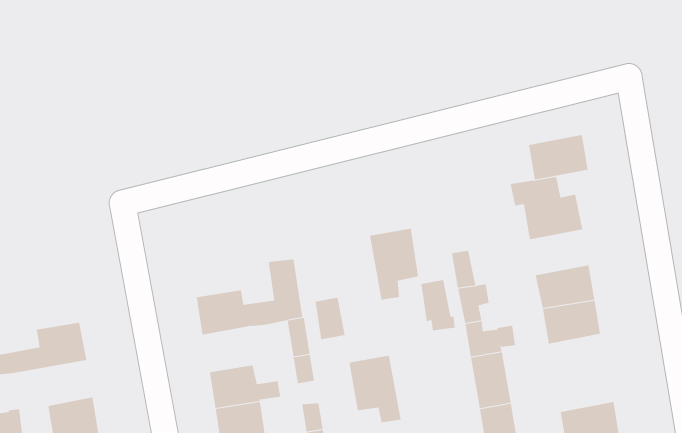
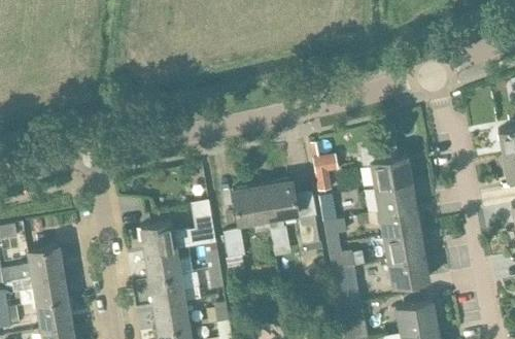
building: [528,135,588,180] -> [374,182,416,214]
building: none -> [313,157,338,194]
building: none -> [144,249,193,282]
building: none -> [387,256,430,287]
building: [349,355,401,423] -> [233,187,270,234]
building: none -> [11,274,68,307]

